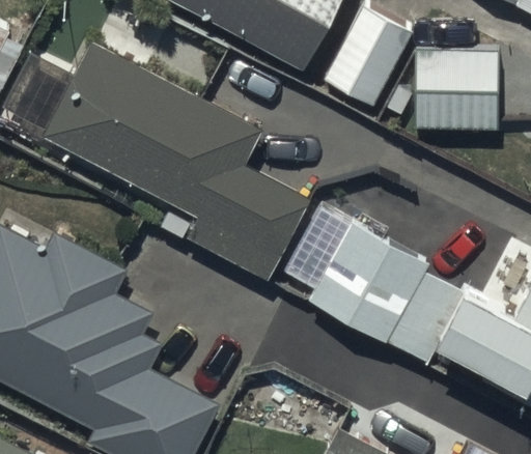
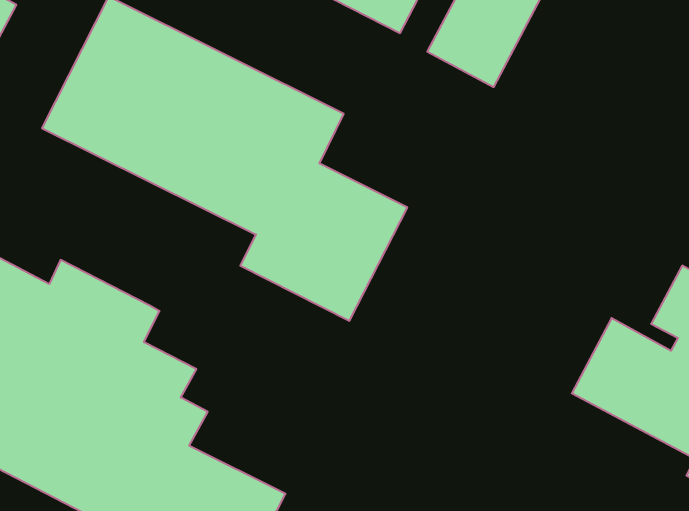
building: [411,52,496,131] -> none
building: [308,219,449,357] -> none

